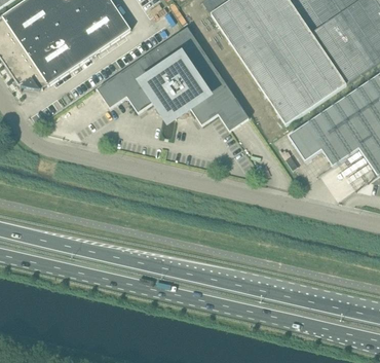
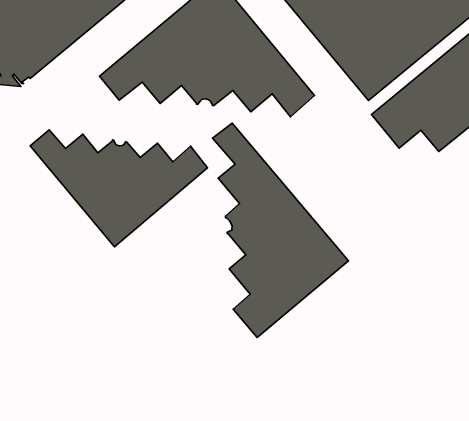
building: none -> [30,130,207,247]
building: none -> [213,123,349,337]

